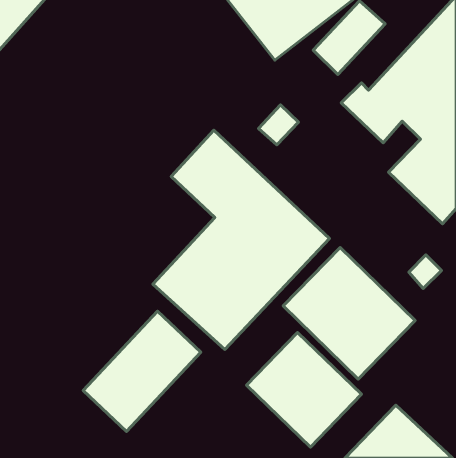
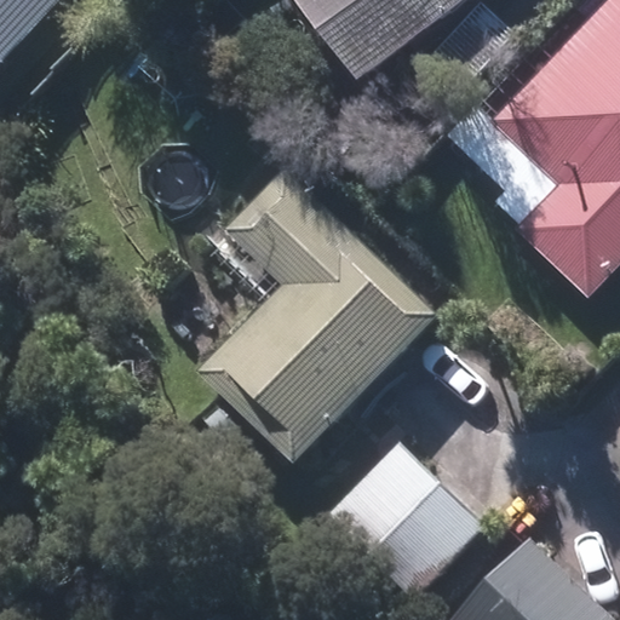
building: [283,248,415,379] -> none
building: [83,311,201,432] -> none

